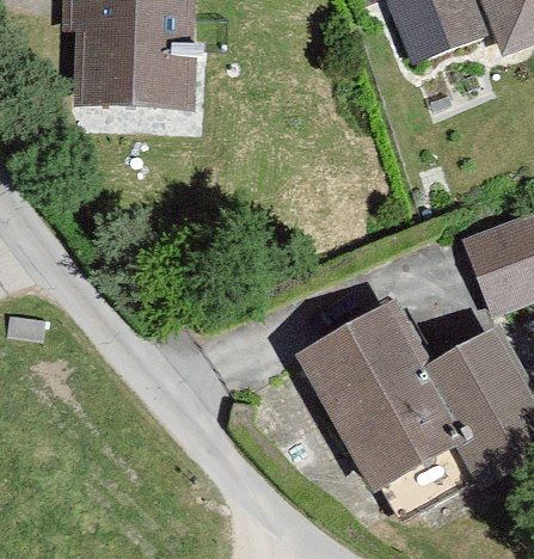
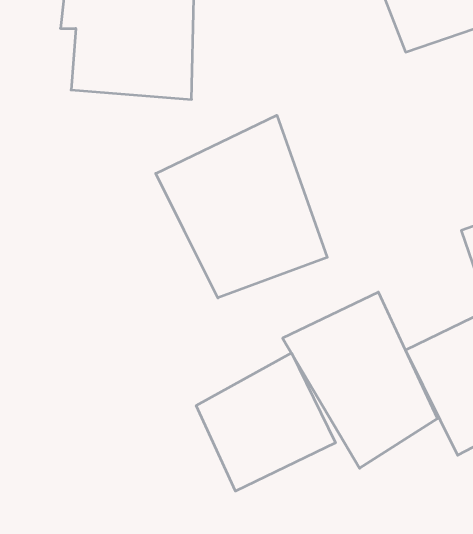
building: none -> [156,115,327,298]
building: none -> [196,353,335,491]

